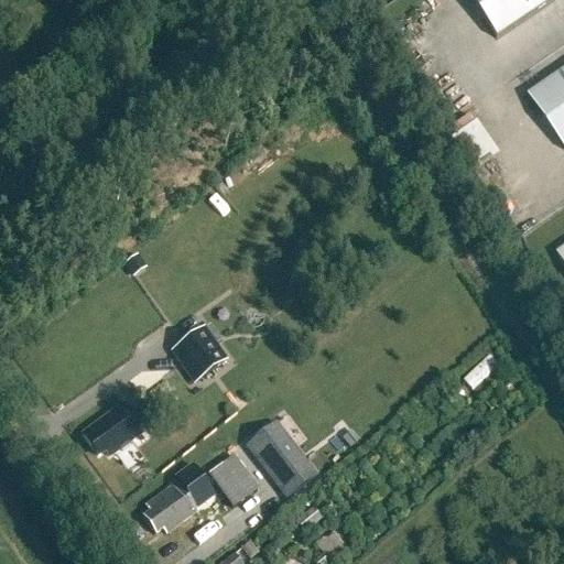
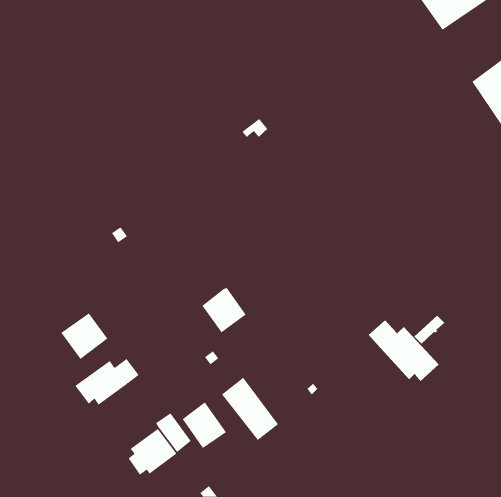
building: [175,326,226,378] -> [201,287,247,333]
building: none -> [61,313,108,360]
building: none -> [368,319,439,382]

